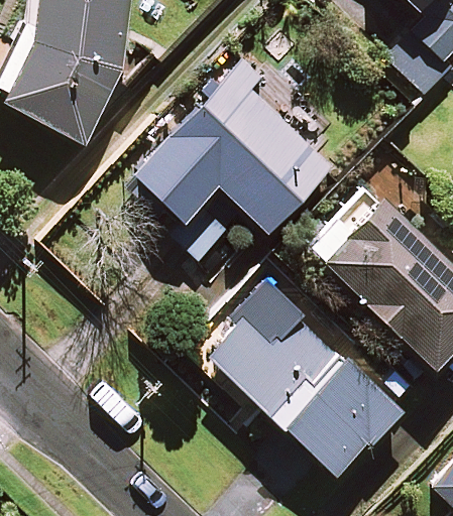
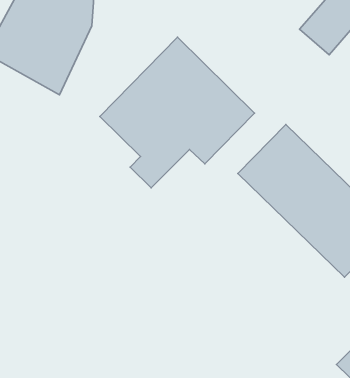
building: [207,283,399,474] -> none

